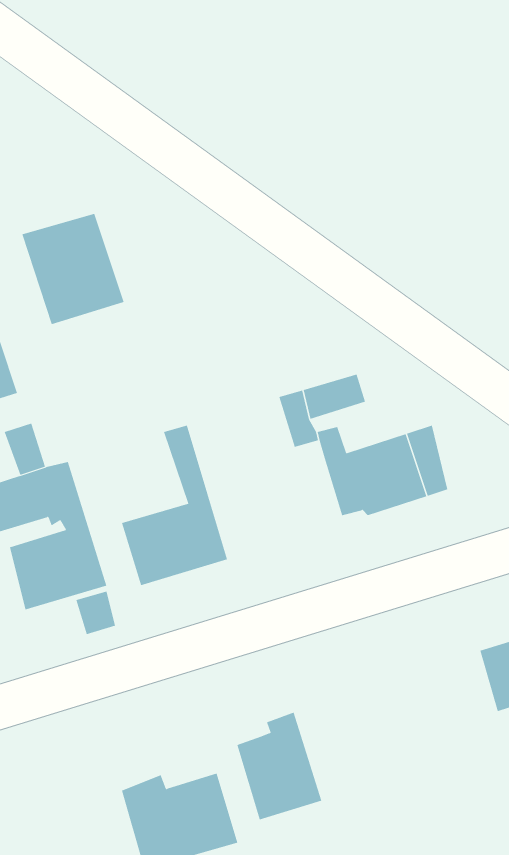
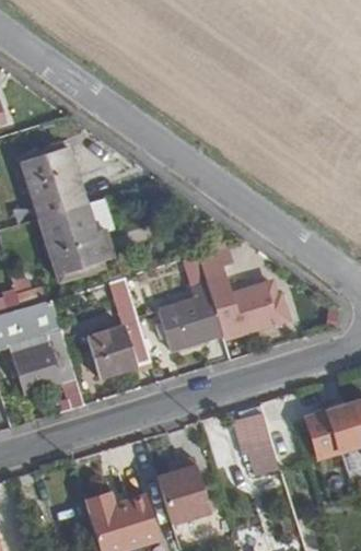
building: none -> [39,201,103,272]
building: none -> [155,298,221,352]
building: none -> [235,412,275,479]

